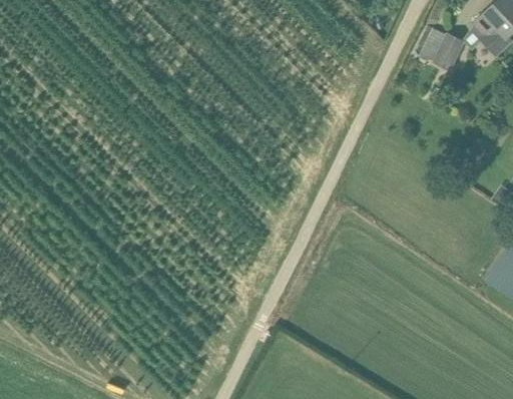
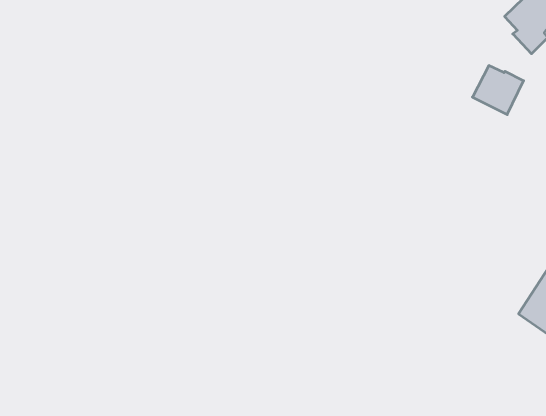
building: [420,28,464,70] -> [472,66,524,115]

